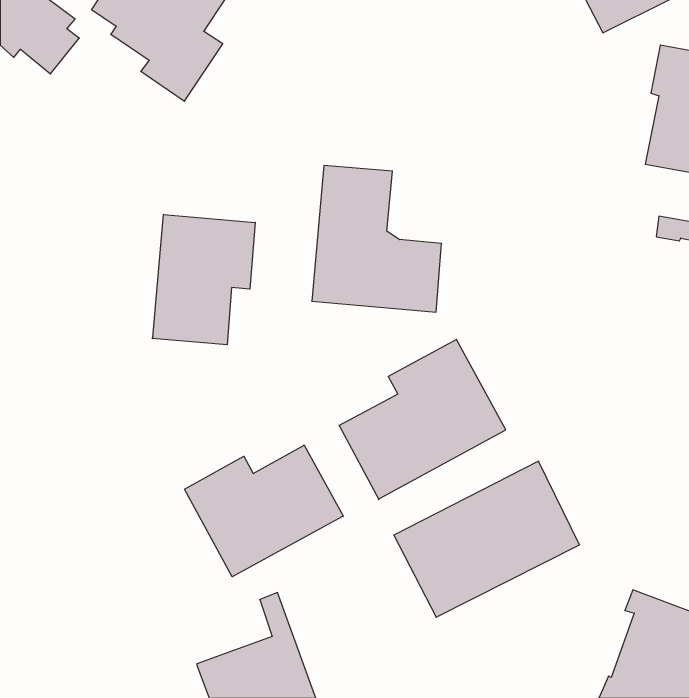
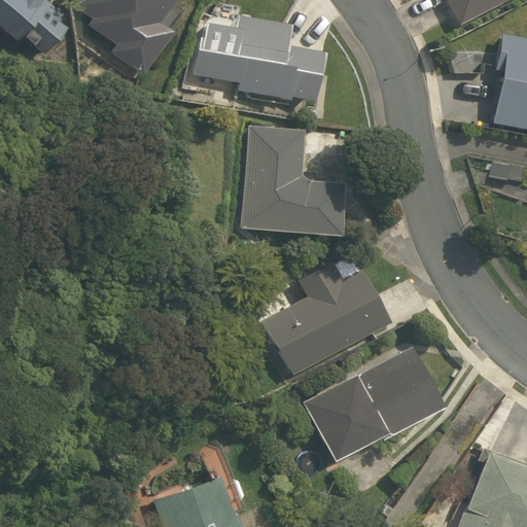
building: none -> [195,15,322,103]
building: [152,214,255,345] -> none
building: [185,445,343,577] -> none

